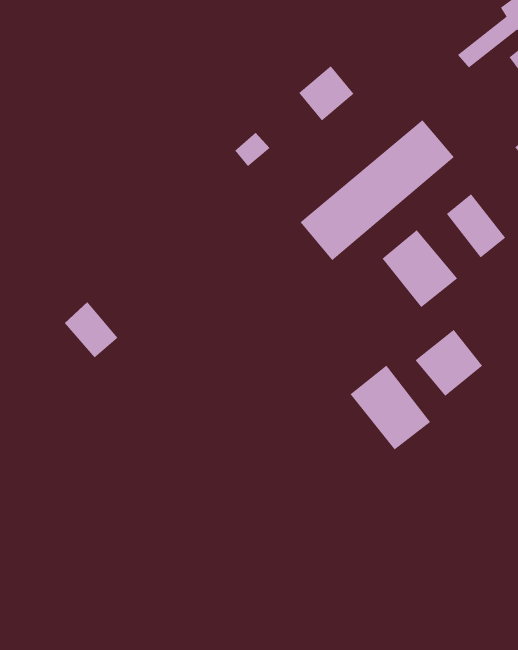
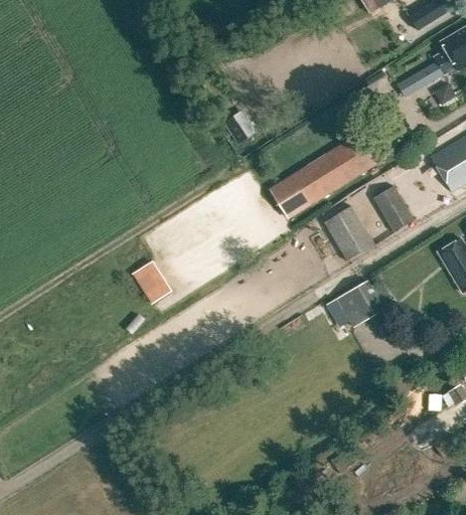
building: [298,65,354,121] -> none
building: [64,301,118,358] -> [133,263,170,304]
building: [349,364,431,451] -> none

